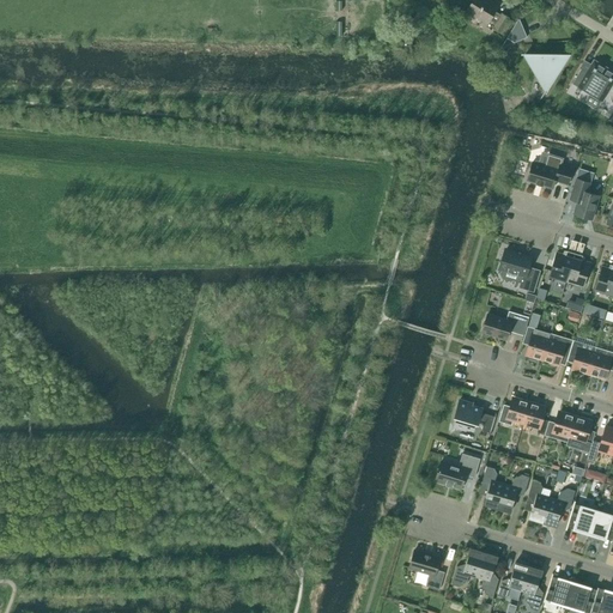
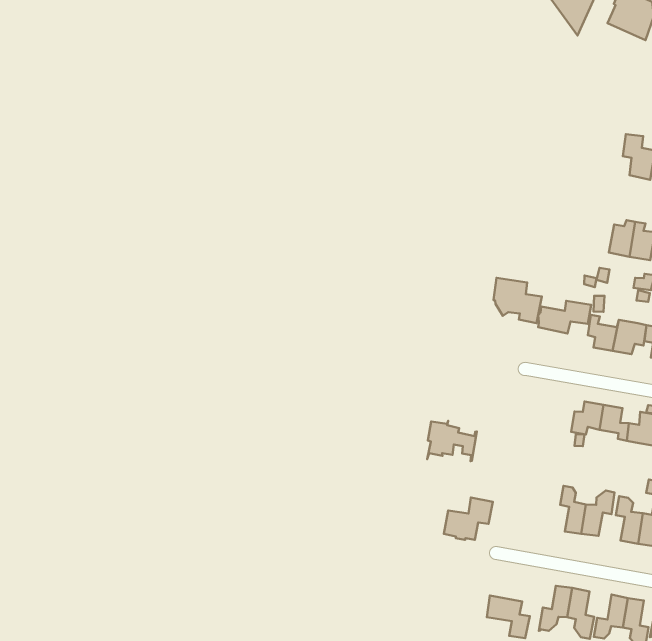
building: [527,163,573,189] -> none
building: [500,251,541,293] -> [494,278,542,323]
building: [453,401,497,438] -> [427,421,477,461]
building: [436,454,480,490] -> [444,497,493,540]

